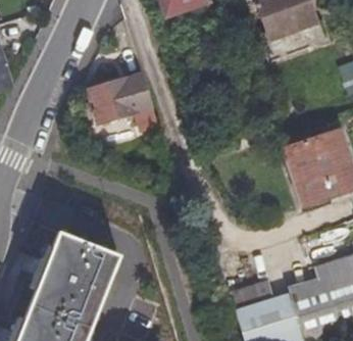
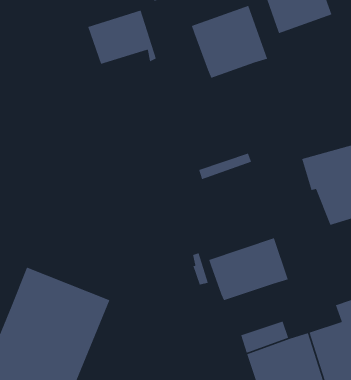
building: none -> [191,5,268,79]
building: [86,75,145,121] -> [87,10,157,65]
building: none -> [208,237,289,301]

